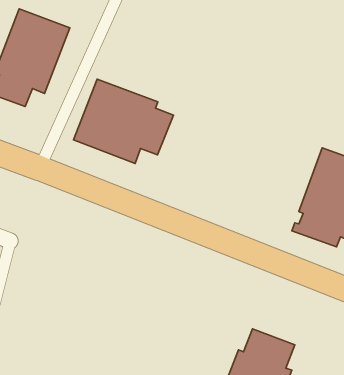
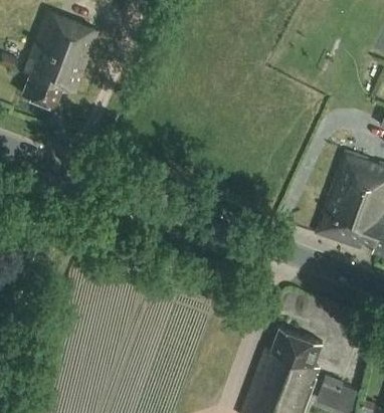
building: [74,79,173,163] -> none

